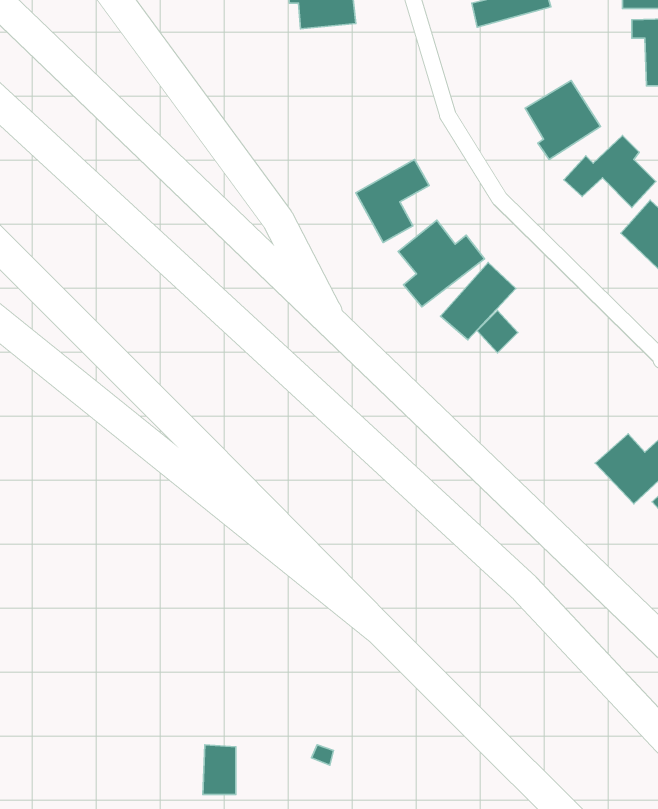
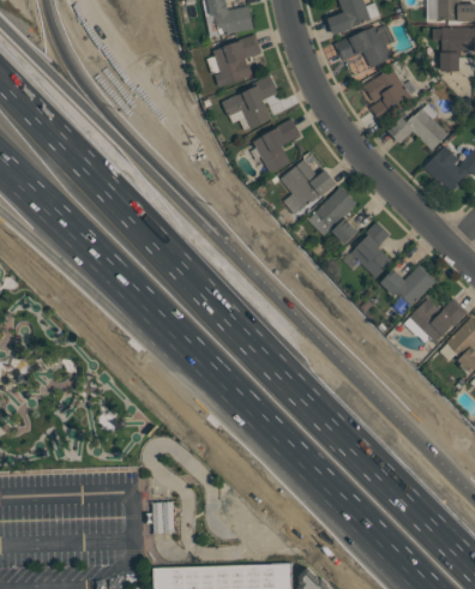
building: none -> [335,25,391,67]
building: none -> [211,36,261,85]
building: none -> [221,78,277,127]
building: none -> [349,224,392,278]
building: none -> [381,265,435,308]

